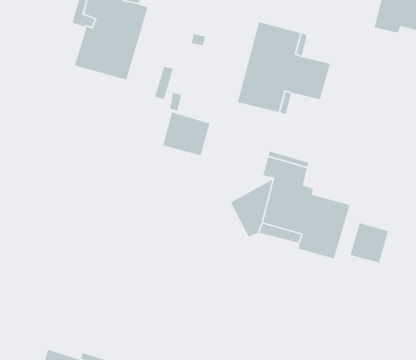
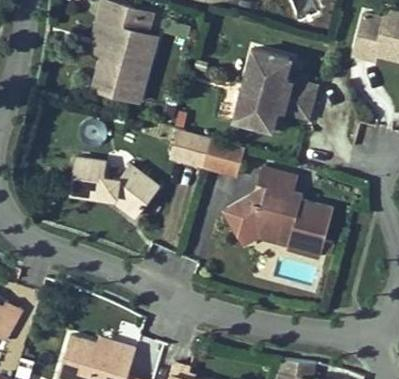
building: none -> [203,138,245,176]
building: none -> [69,158,159,217]
building: [349,222,389,263] -> none

